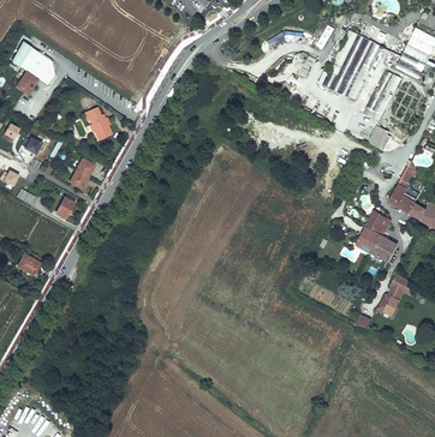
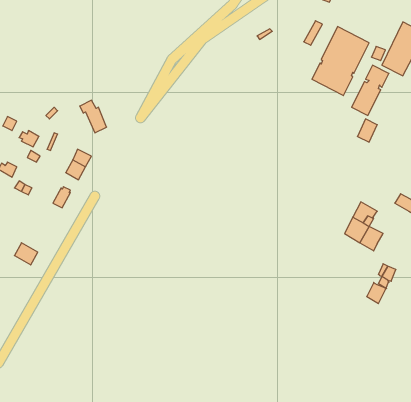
building: [10,40,54,92] -> none
building: [388,161,413,212] -> none

